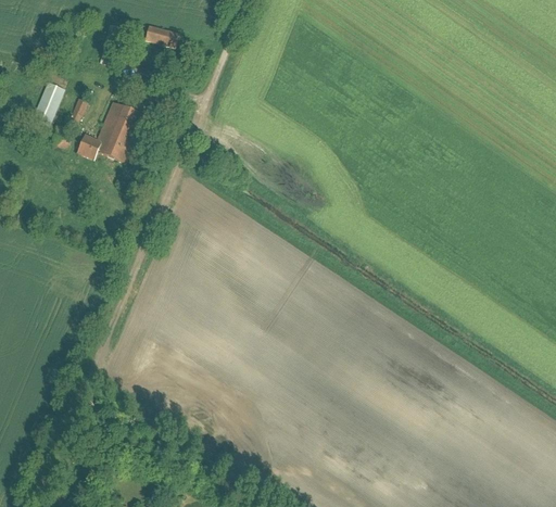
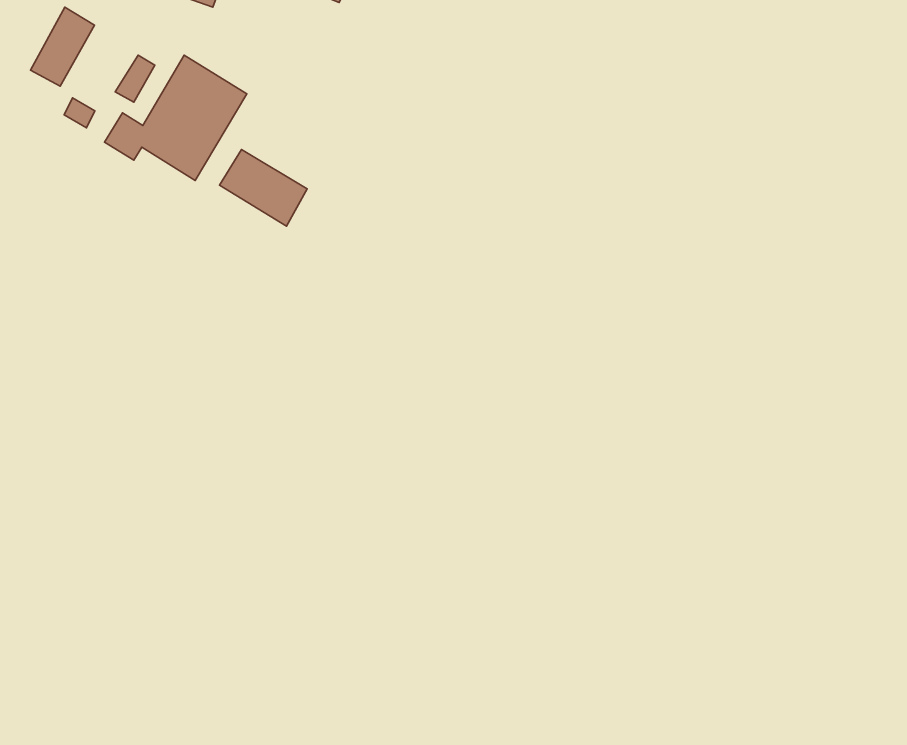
building: none -> [219,150,307,226]

